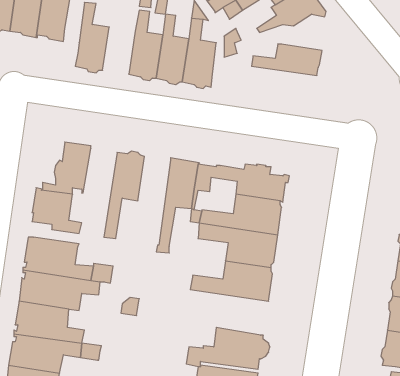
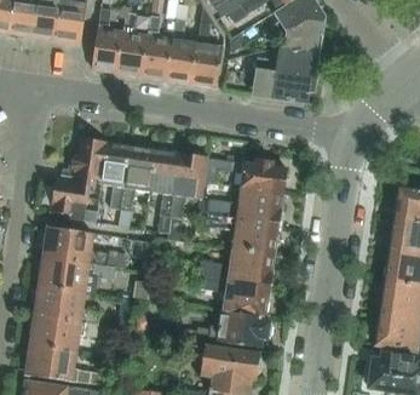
building: none -> [116,11,146,76]
building: none -> [261,18,322,52]
building: none -> [251,67,315,102]
building: none -> [98,141,130,225]
building: none -> [149,149,179,233]
building: none -> [196,274,270,316]

